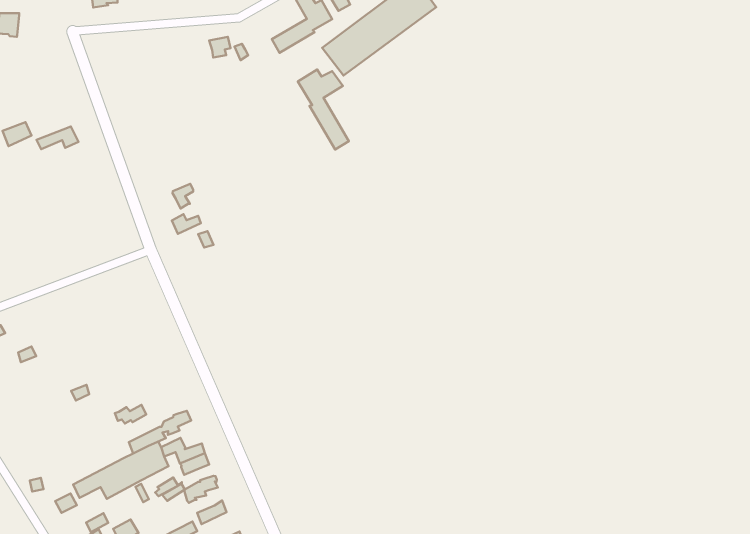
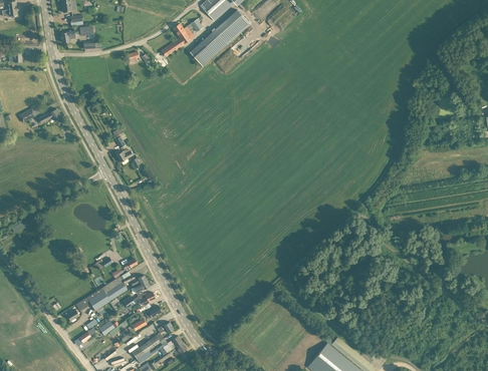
building: [298,70,349,150] -> none

